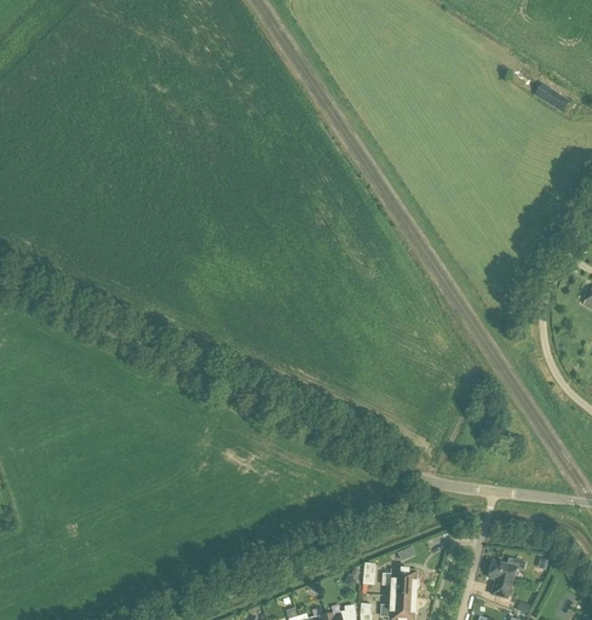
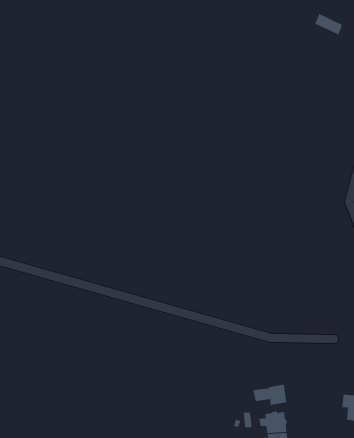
building: none -> [253,384,287,406]

